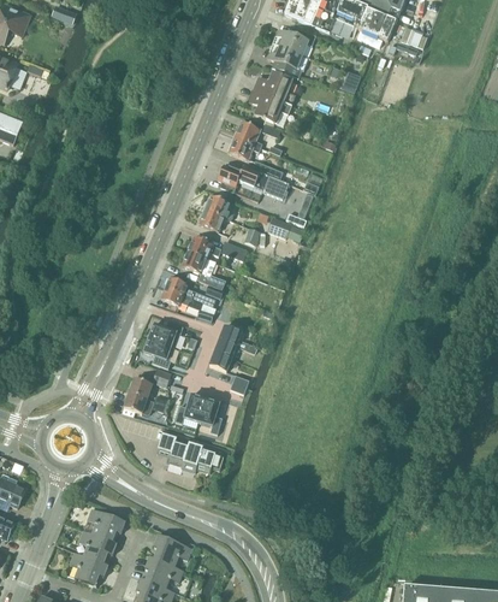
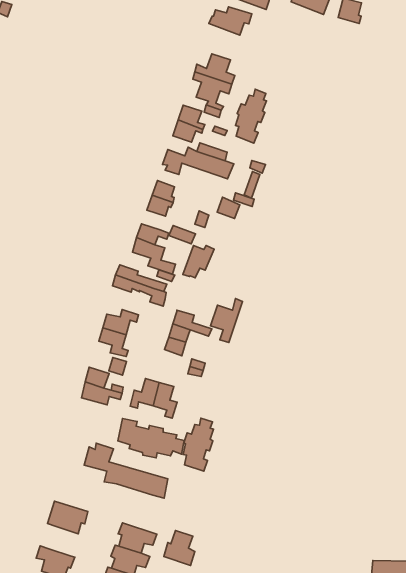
building: [268,43,302,79] -> none
building: none -> [236,89,266,143]
building: none -> [183,245,214,278]
building: none -> [211,298,243,342]
building: none -> [183,418,214,471]
building: none -> [84,443,168,498]
building: [78,531,117,565] -> none
building: none -> [164,531,195,565]

